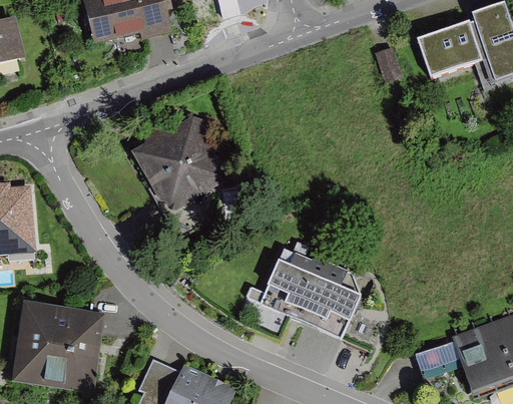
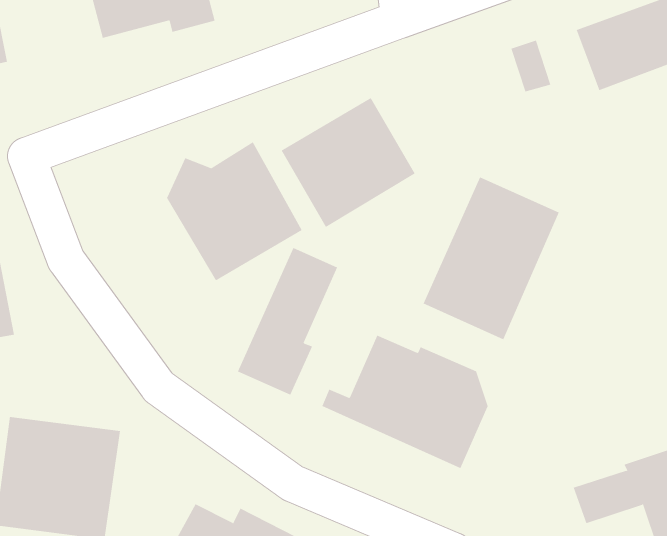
building: none -> [281,97,415,228]
building: none -> [423,176,559,340]
building: none -> [237,247,338,396]

